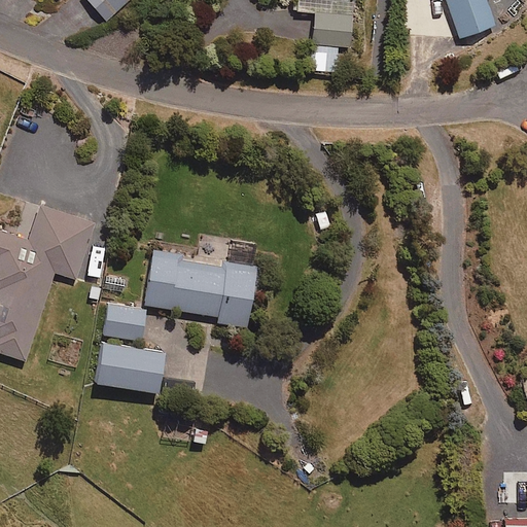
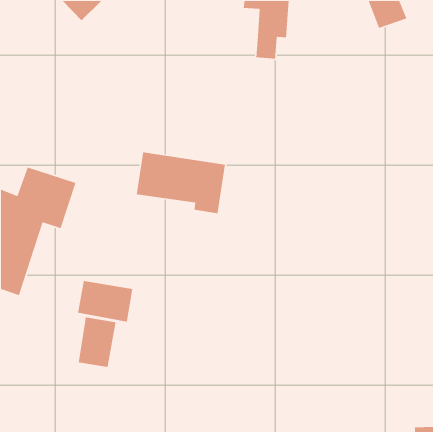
building: [145,252,254,328] -> [136,152,226,214]
building: [102,304,145,341] -> none
building: none -> [78,316,117,368]

